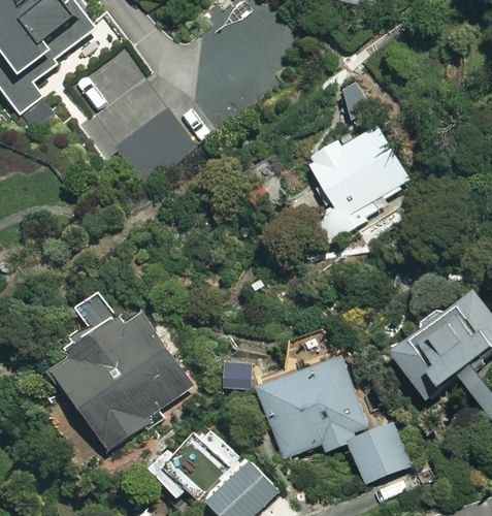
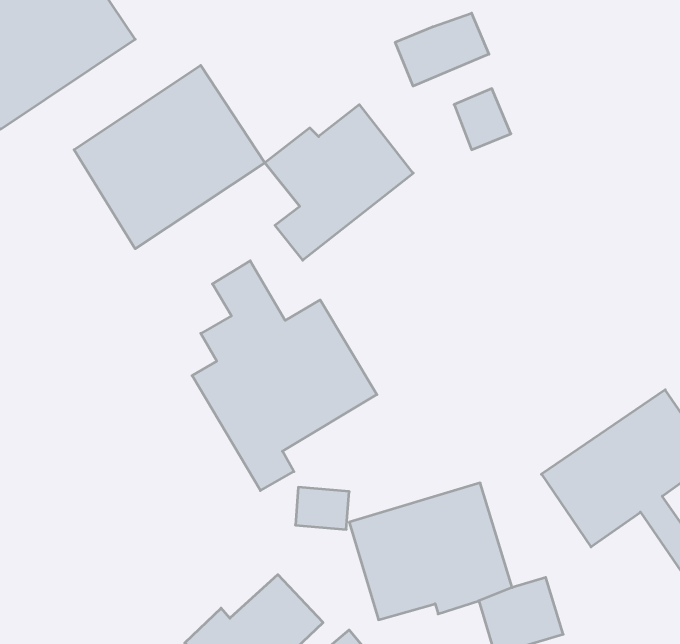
building: none -> [395,13,489,86]
building: [303,124,408,234] -> [265,105,413,260]
building: [59,288,190,451] -> [192,261,377,491]

